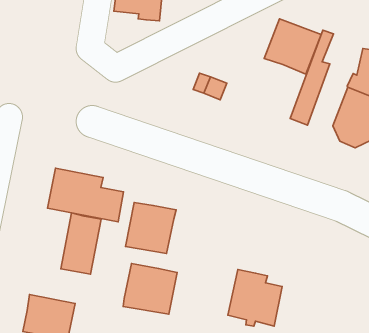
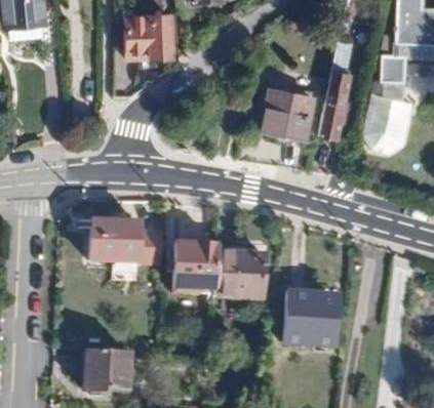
building: [264,19,321,74] -> [261,88,314,139]
building: [61,213,101,274] -> none
building: [123,264,177,314] -> [215,252,265,297]

